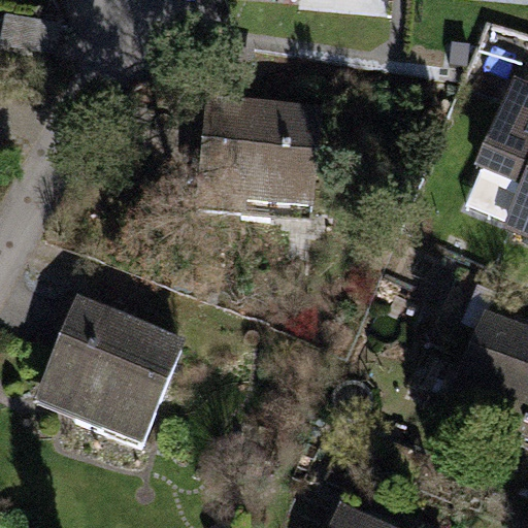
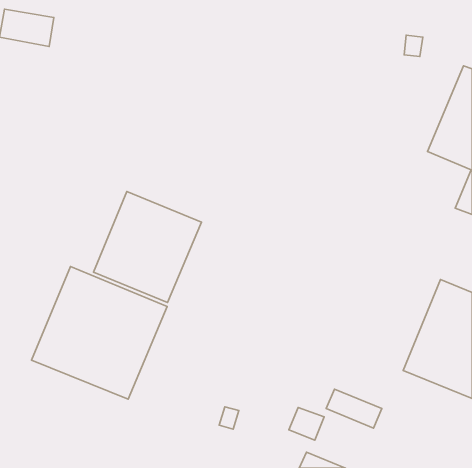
building: [199,97,326,210] -> none
building: none -> [93,192,202,302]

